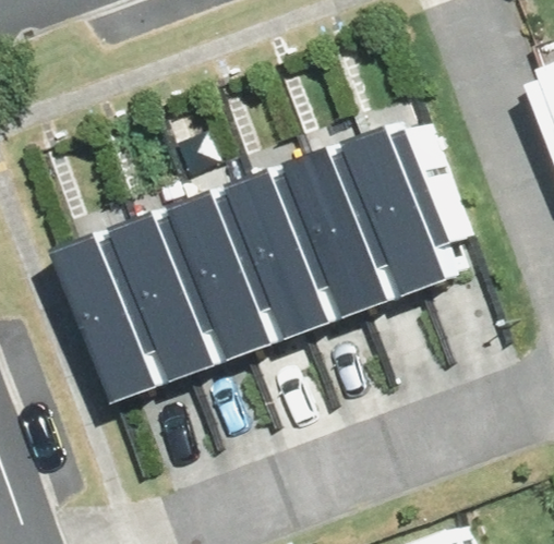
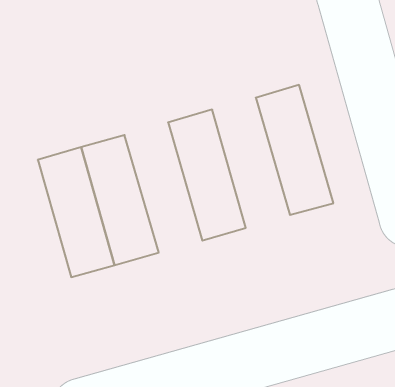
building: [288,145,398,313] -> none
building: [178,185,288,353] -> none

